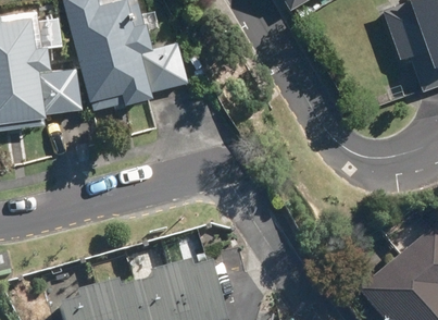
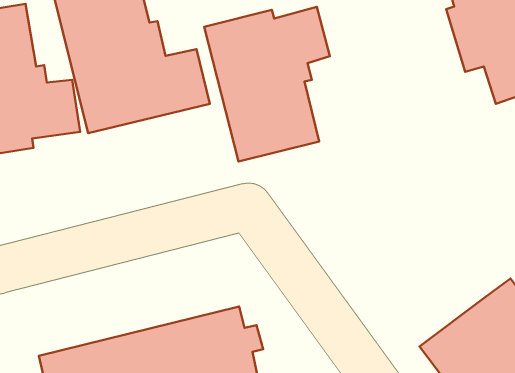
building: none -> [204,7,330,162]

